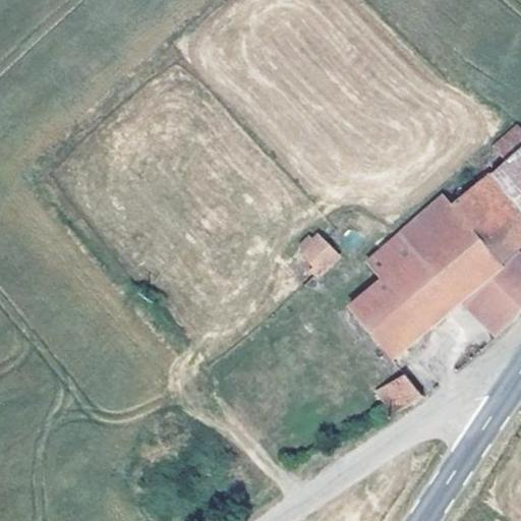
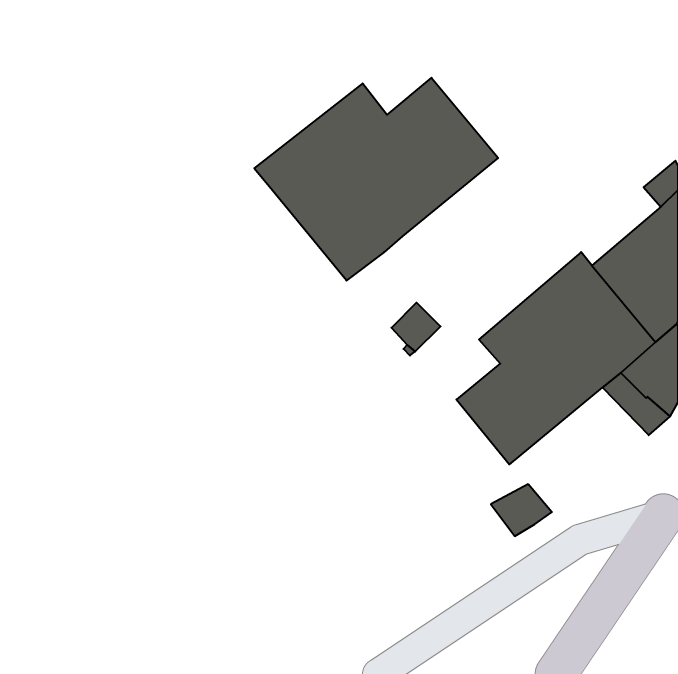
building: none -> [254,78,498,281]

